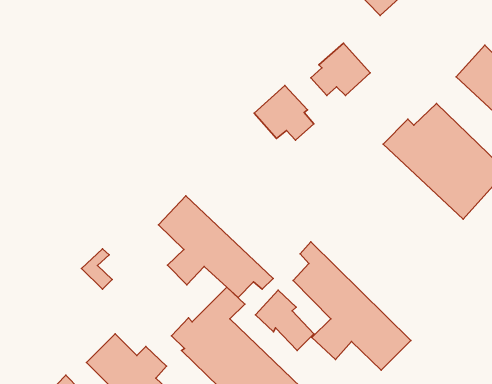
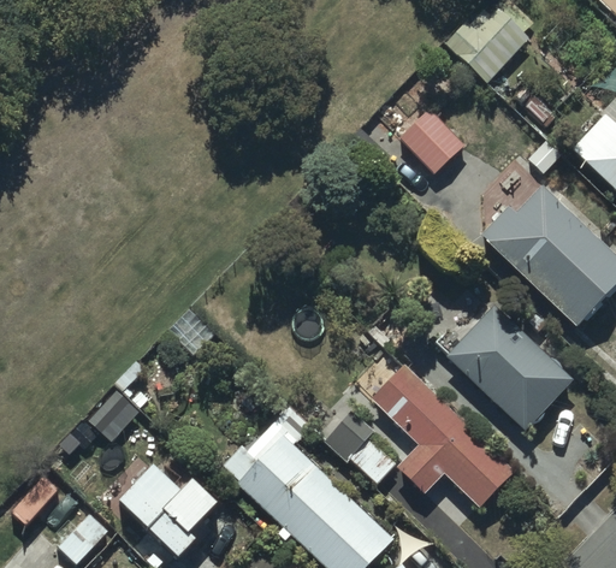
building: [254,85,314,140] -> none
building: [159,196,273,297] -> none
building: none -> [443,301,574,431]

